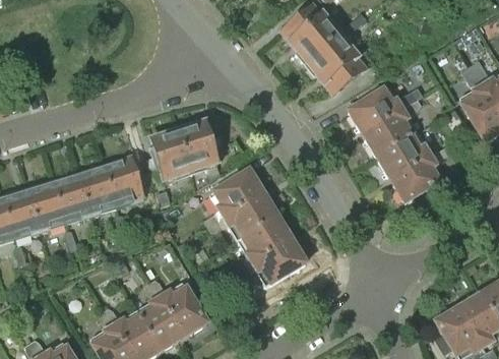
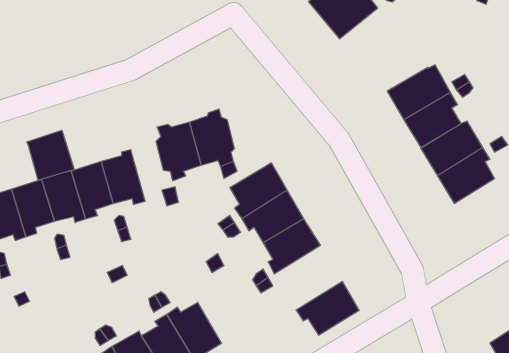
building: [307,35,365,93] -> none
building: none -> [27,130,74,180]
building: [251,237,305,283] -> [296,282,359,335]

